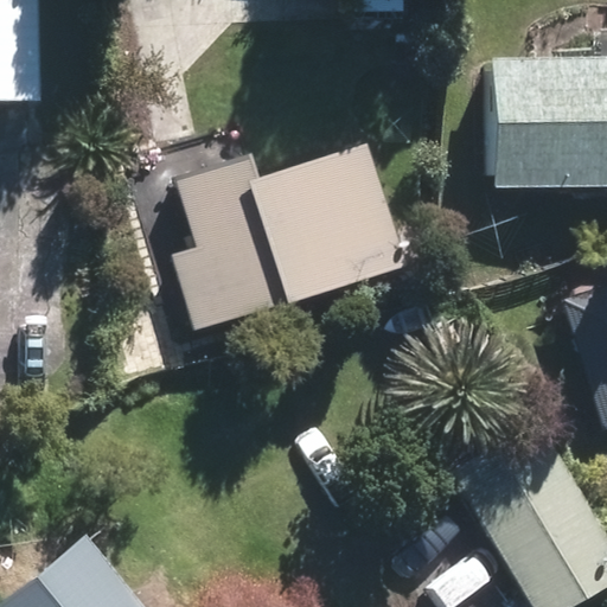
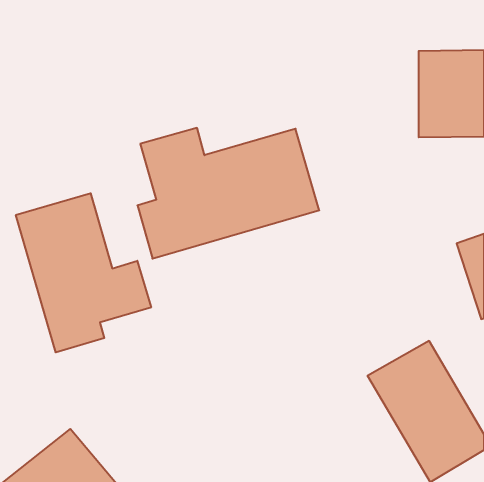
building: none -> [16,193,151,352]

